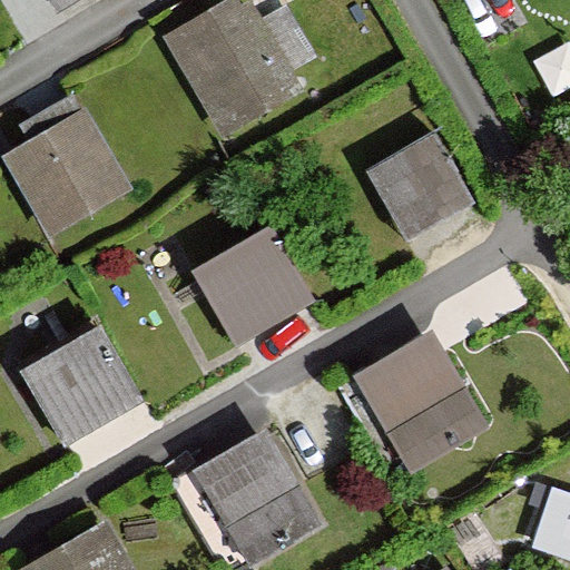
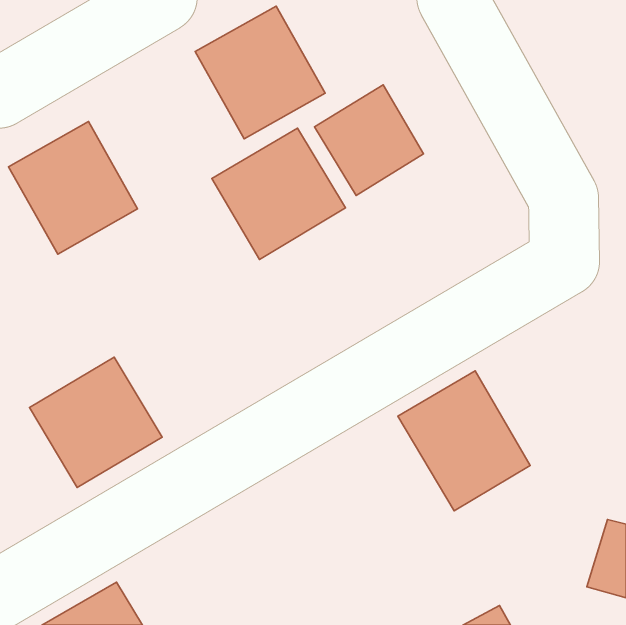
building: [367,138,466,238] -> [314,85,424,195]
building: [189,227,311,346] -> [212,128,345,260]
building: [200,434,315,557] -> none

